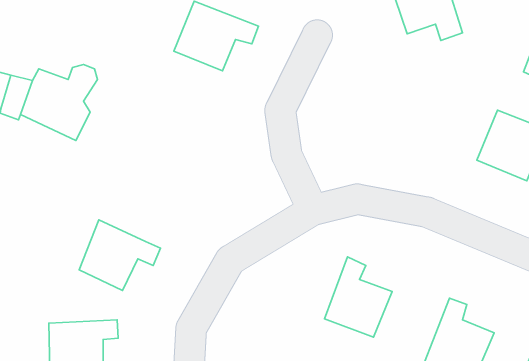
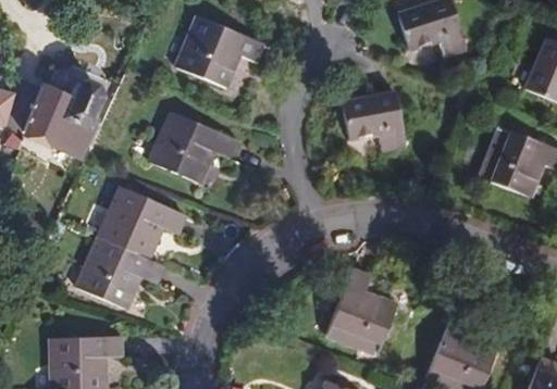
building: none -> [343,92,405,150]
building: none -> [150,113,236,183]
building: none -> [101,186,186,258]

